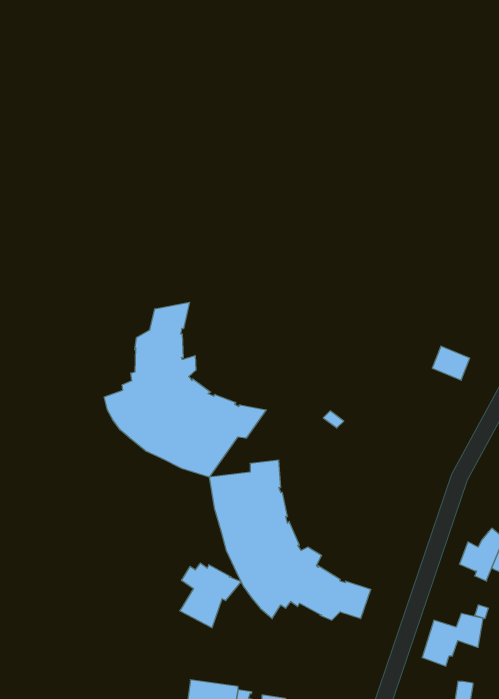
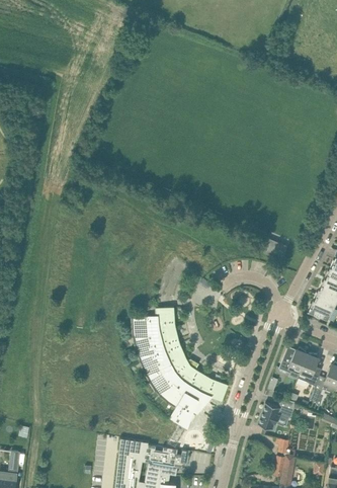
building: [104,302,266,477] -> none
building: [180,563,241,628] -> [169,392,205,430]

